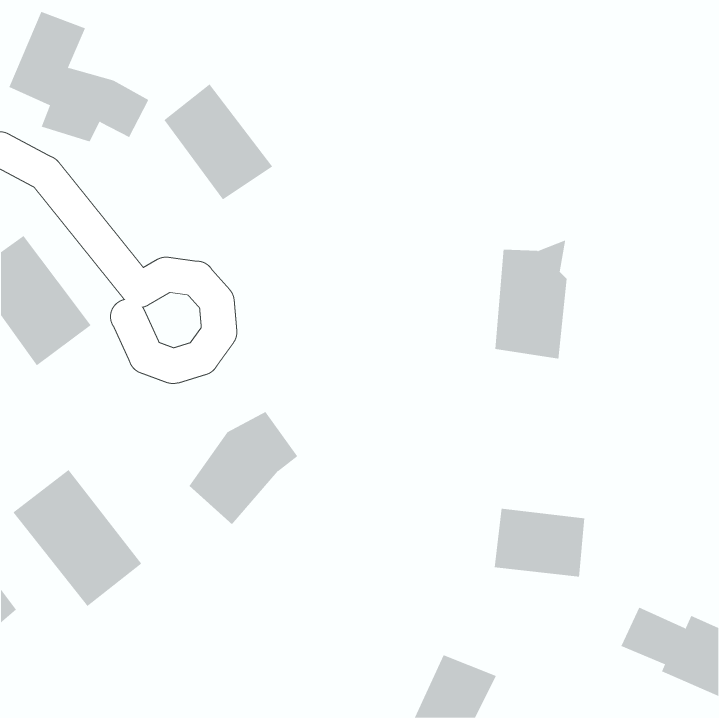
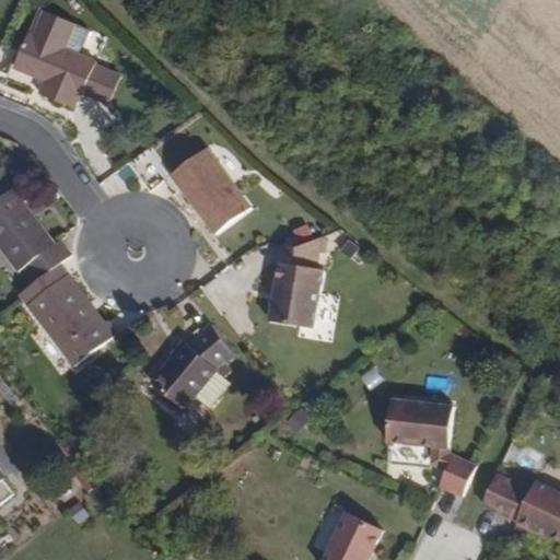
building: [163,83,273,200] -> [168,144,254,235]
building: [494,239,568,359] -> [268,236,325,329]
building: [13,469,142,607] -> [18,262,118,370]
building: none -> [438,453,478,497]

